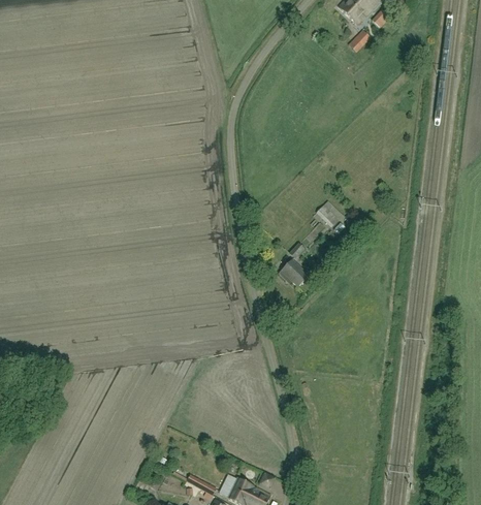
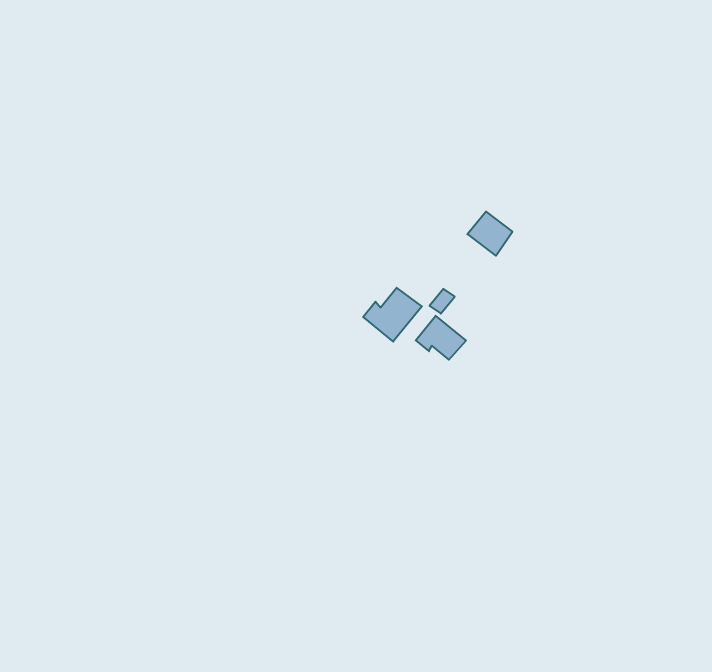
building: none -> [363,288,422,342]

